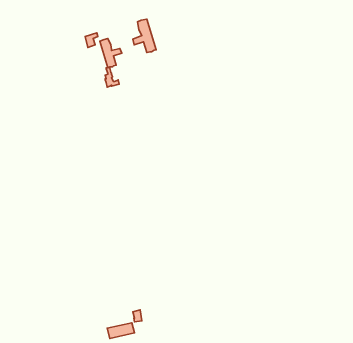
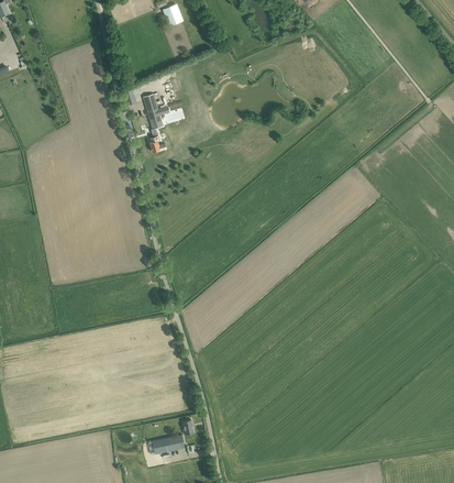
building: [133,19,156,53] -> none

